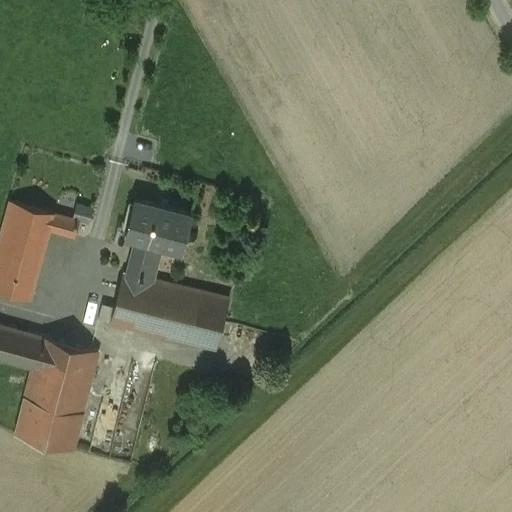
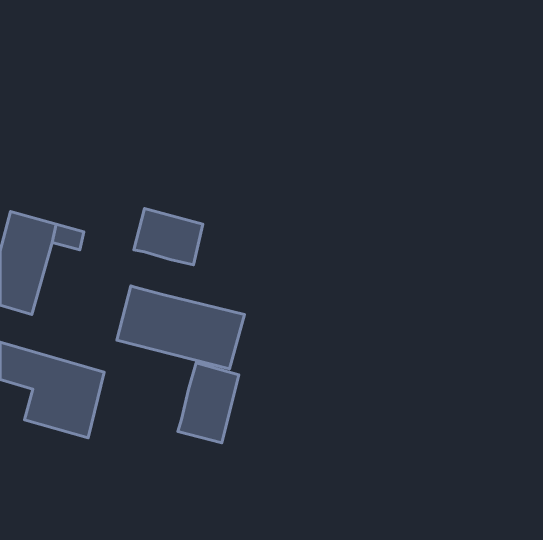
building: [127,240,160,280] -> none
building: none -> [178,363,239,443]
building: [14,398,83,451] -> none

